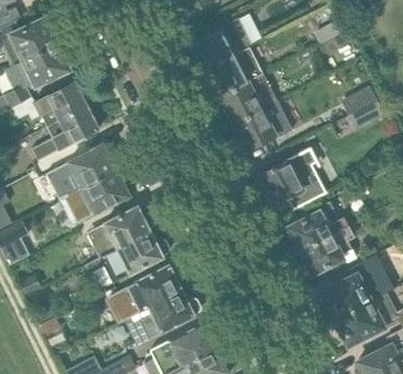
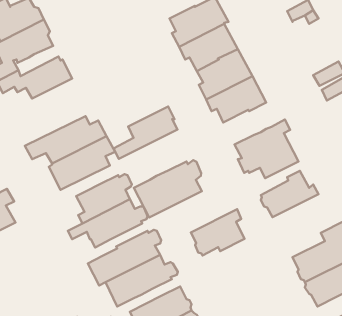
building: [32,104,99,159] -> [114,106,178,159]
building: none -> [134,160,202,218]
building: [300,226,357,274] -> [191,209,244,256]

